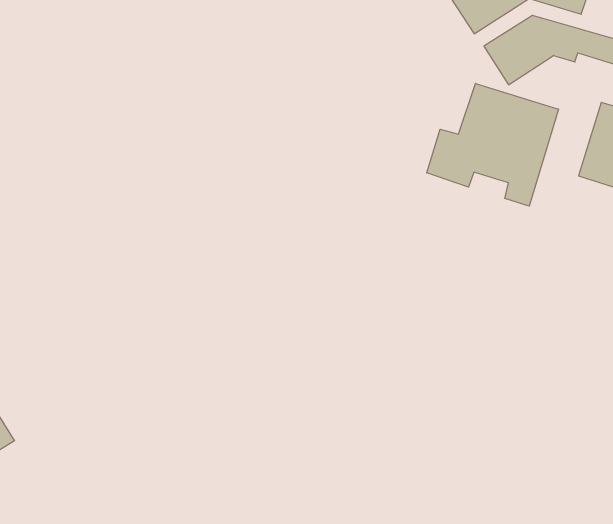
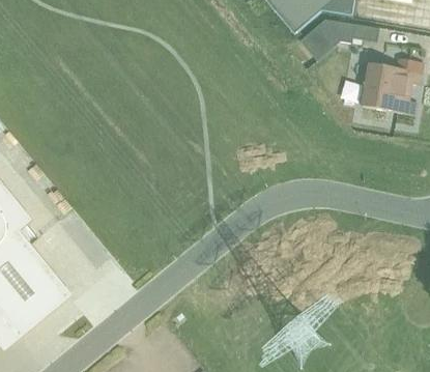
building: [427,83,559,206] -> none

